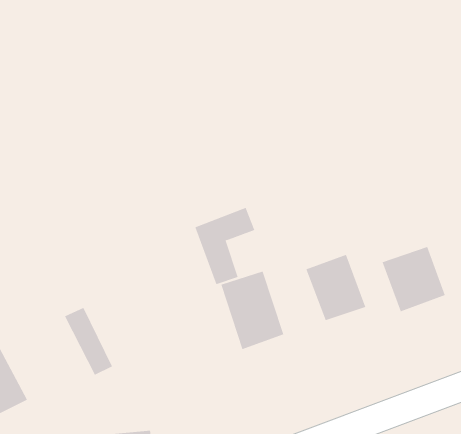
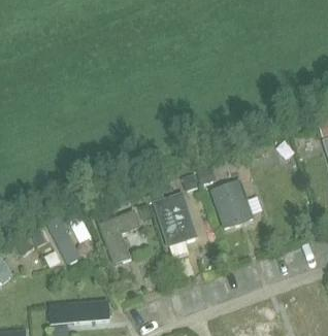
building: [194,207,255,285] -> [98,209,139,262]
building: [382,246,445,312] -> none

